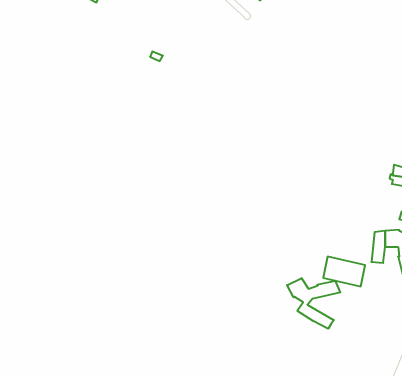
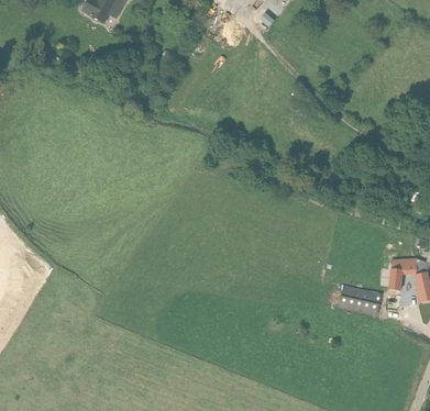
building: [287,278,340,329] -> none

